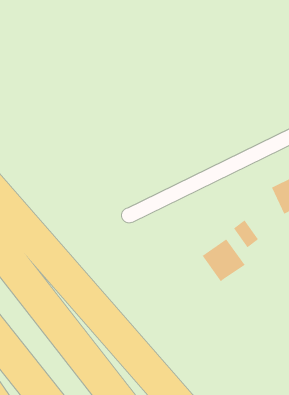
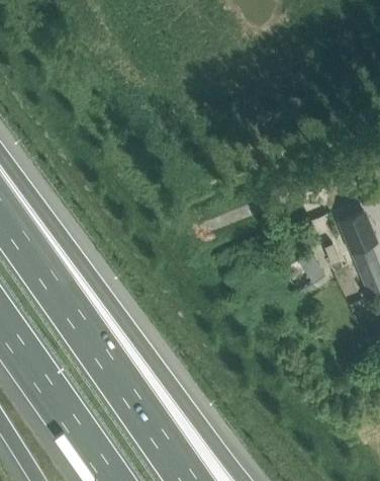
building: [202,239,245,282] -> none

